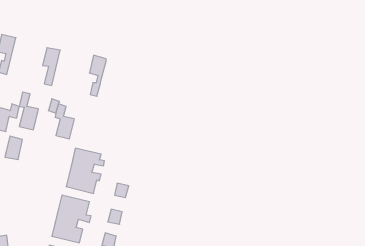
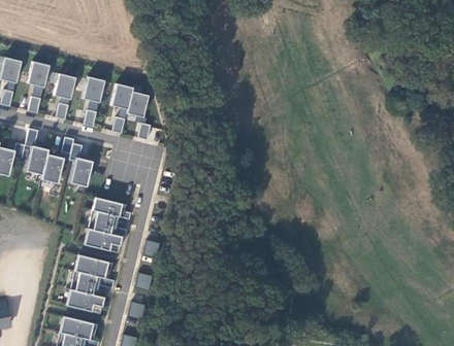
building: none -> [27,60,48,112]
building: none -> [83,75,104,126]
building: none -> [126,90,151,139]
building: [5,136,22,160] -> [41,153,63,182]

